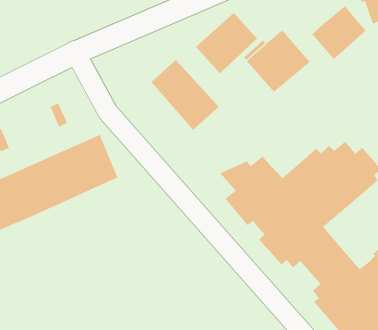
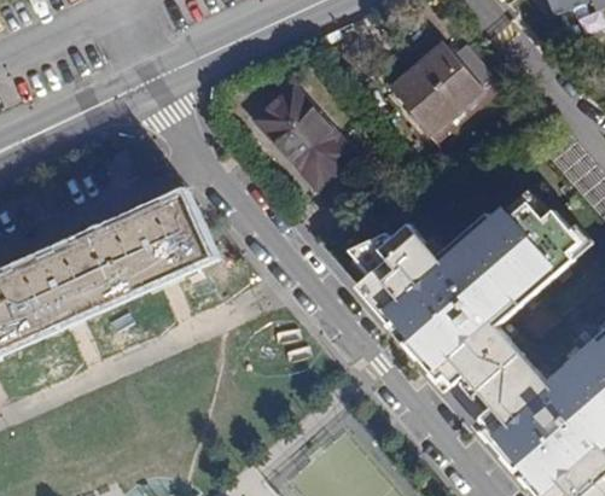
building: [312,5,366,60] -> none
building: [195,12,258,74] -> none

